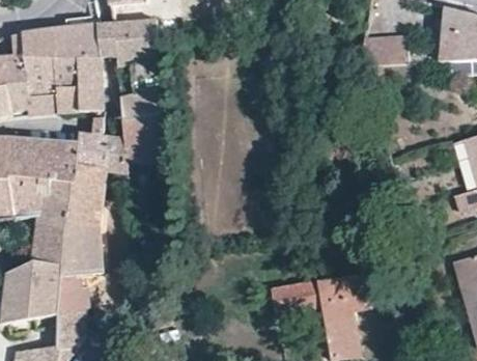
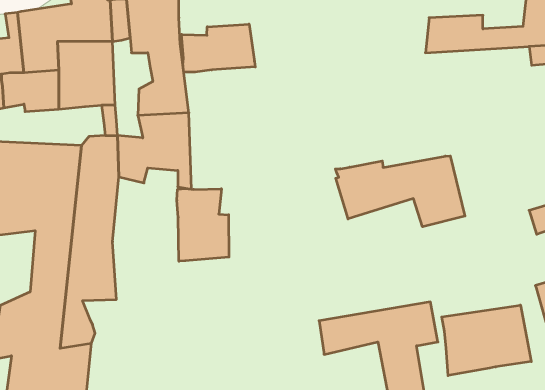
building: none -> [182,24,255,72]
building: none -> [335,156,465,227]
building: none -> [177,189,229,261]
building: none -> [442,305,531,376]

